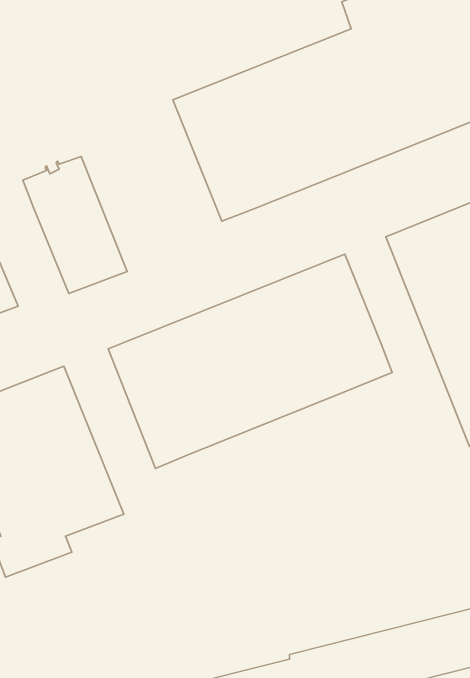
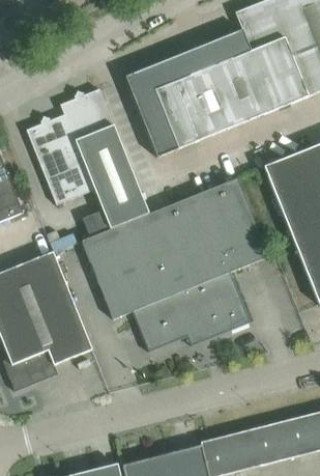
building: none -> [60,88,148,236]
building: none -> [133,272,250,352]

